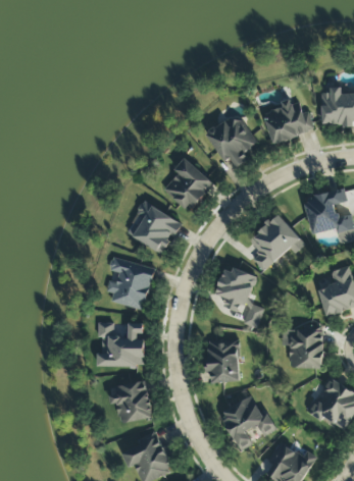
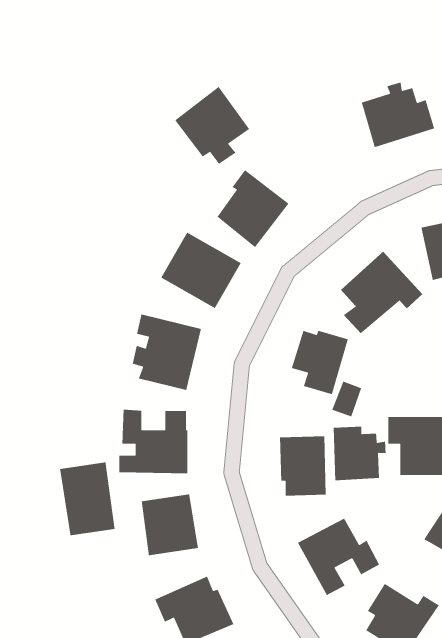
building: [206,112,258,166] -> [174,86,250,165]
building: none -> [333,426,386,481]
building: none -> [59,462,116,536]

